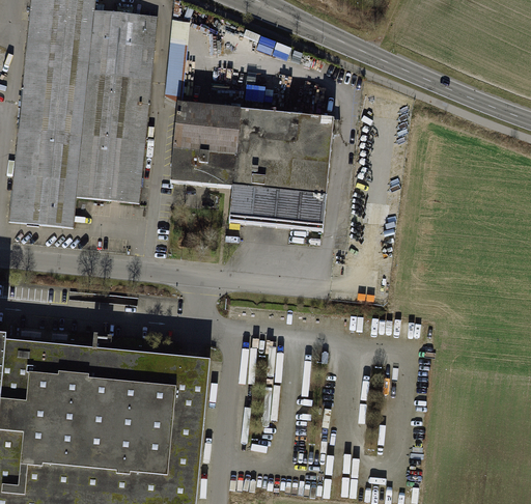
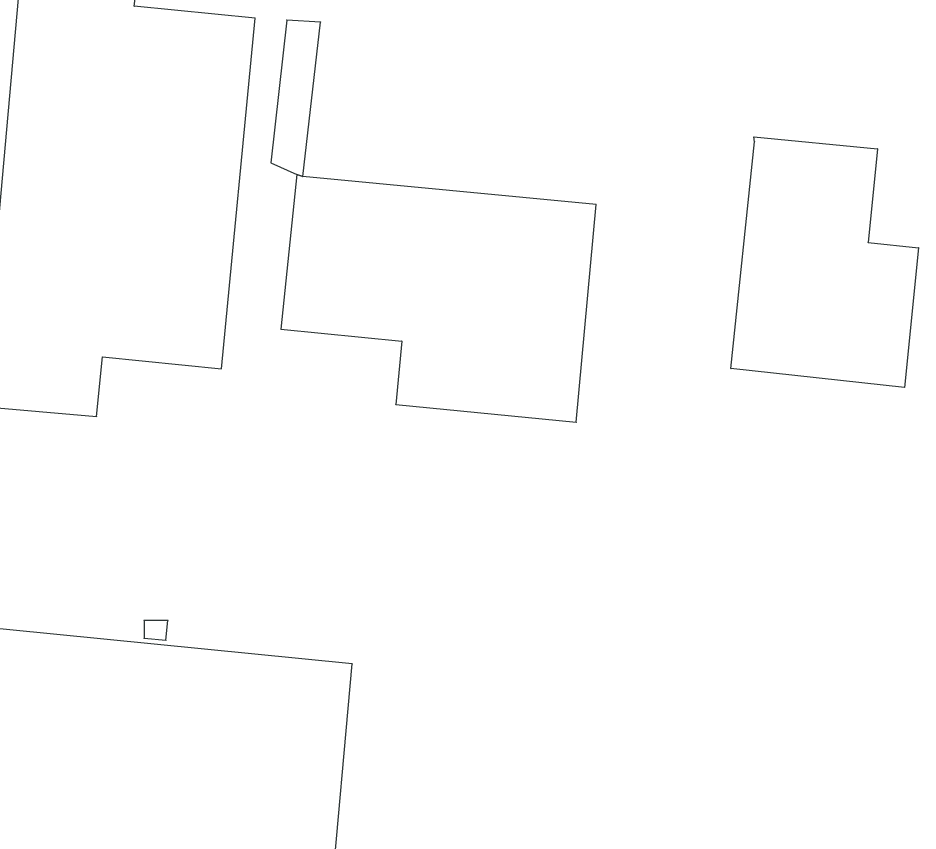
building: none -> [731,137,919,387]

